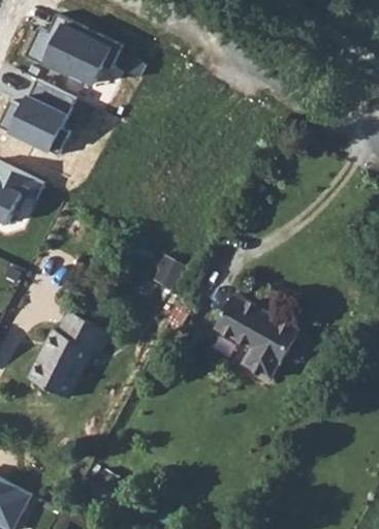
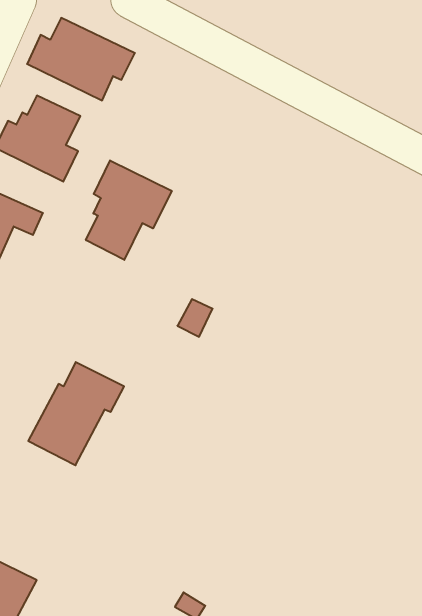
building: none -> [86,160,172,260]
building: [215,293,298,379] -> none

